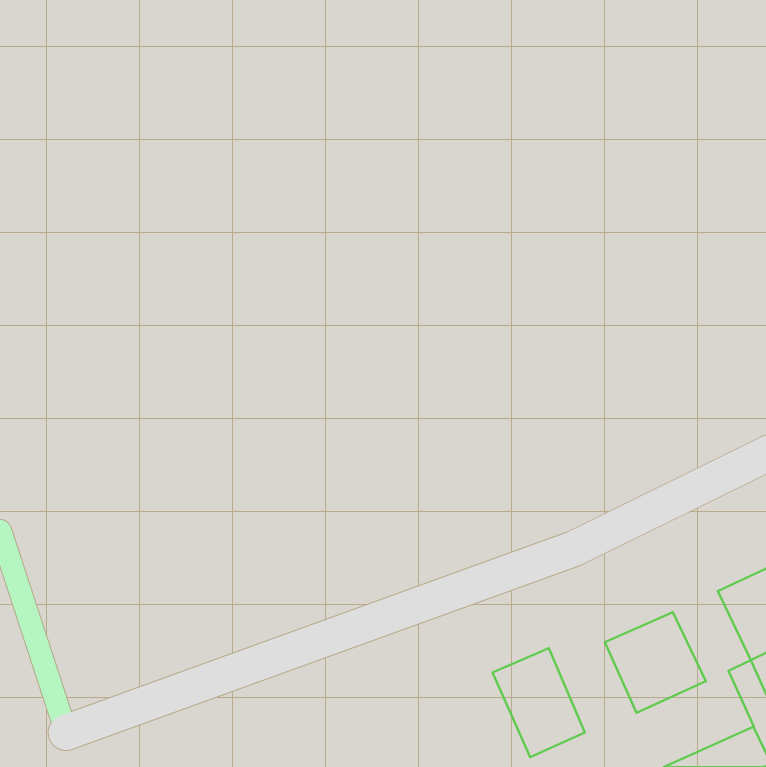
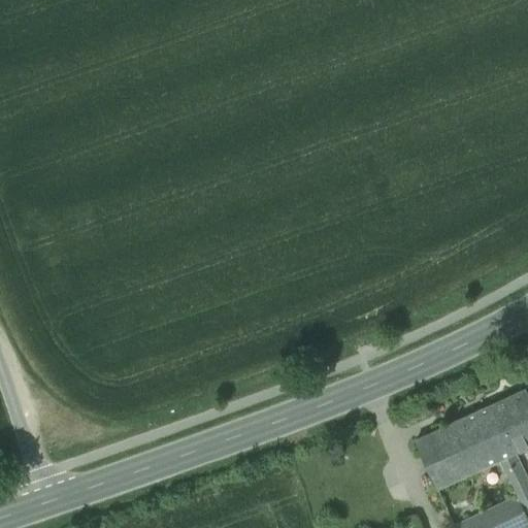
building: none -> [463,405,517,467]
building: [492,648,585,757] -> none

